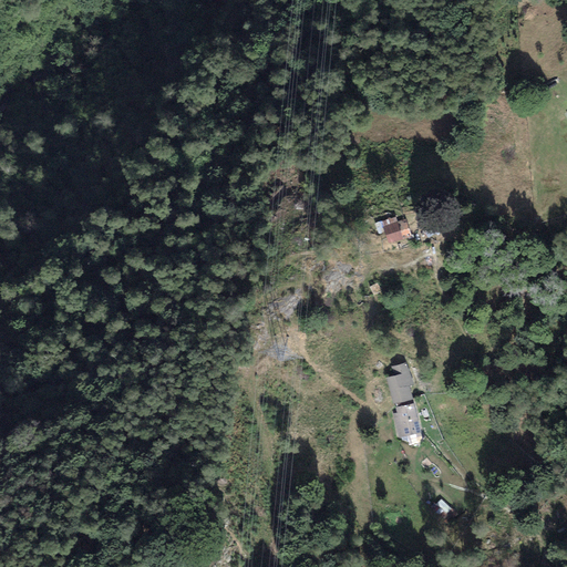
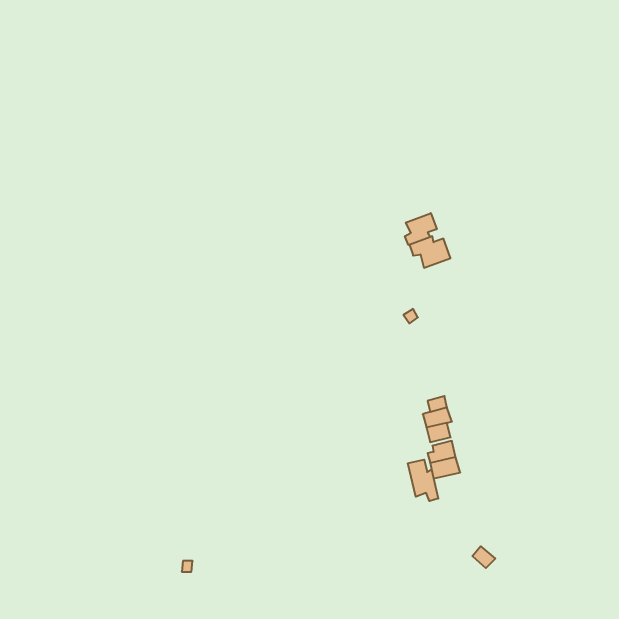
building: none -> [405,213,437,245]
building: none -> [408,460,438,501]

